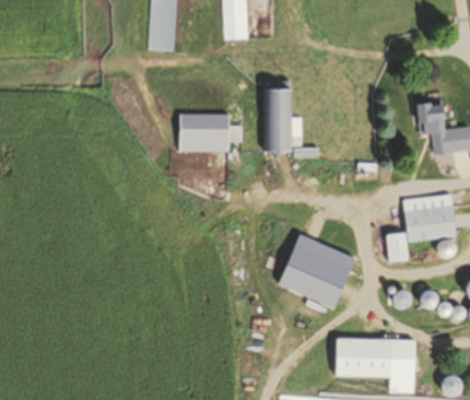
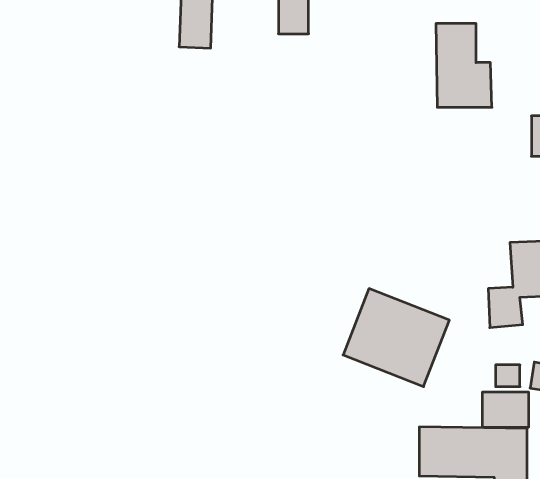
building: [262,87,305,151] -> [436,24,492,107]
building: [178,114,227,152] -> none
building: none -> [483,392,528,427]

